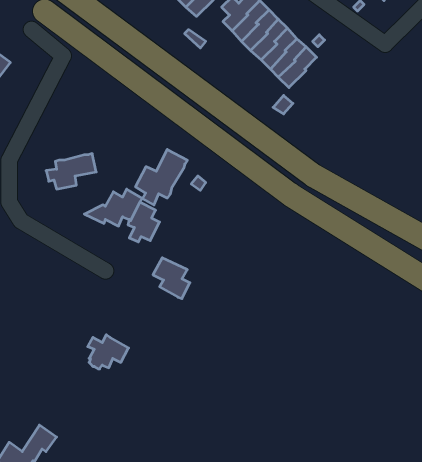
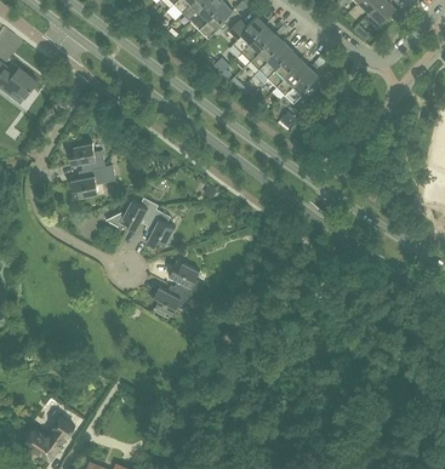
building: none -> [69,143,104,171]
building: [136,149,187,205] -> none
building: [88,335,129,369] -> [153,285,190,316]

